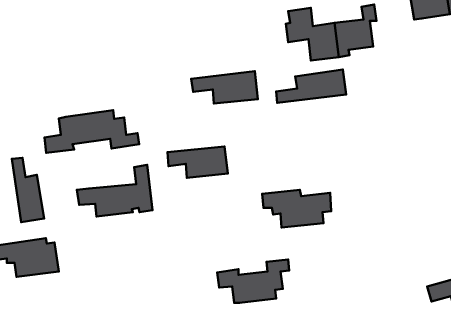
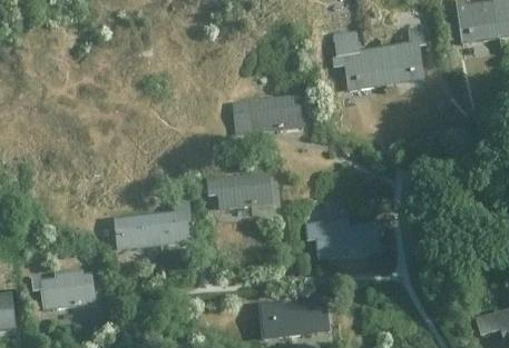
building: [276,70,346,103] -> none
building: [44,110,139,153] -> none
building: [12,158,44,222] -> none

